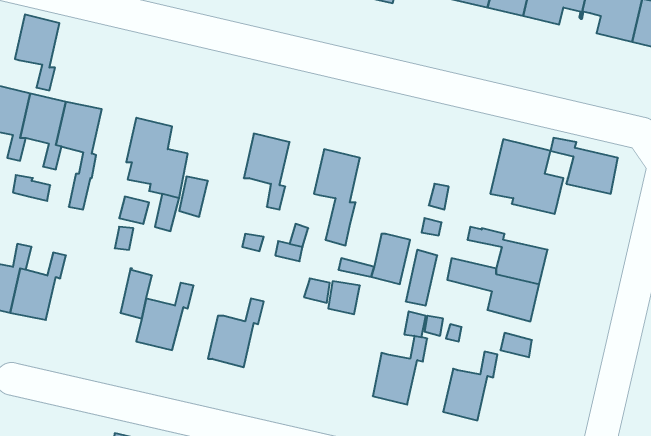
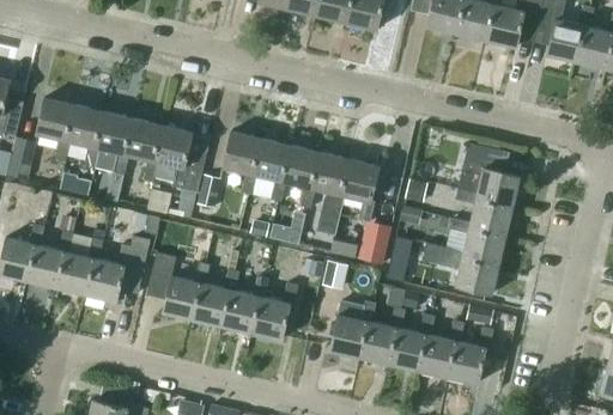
building: [15,14,59,90] -> [125,117,162,181]
building: none -> [221,130,260,195]
building: [551,138,618,194] -> [455,188,511,234]
building: none -> [281,145,318,208]
building: none -> [340,158,378,221]
building: none -> [86,236,150,300]
building: none -> [192,268,239,325]
building: none -> [251,282,298,338]
building: none -> [328,299,376,356]
building: none -> [388,313,435,370]
building: none -> [447,325,493,383]

